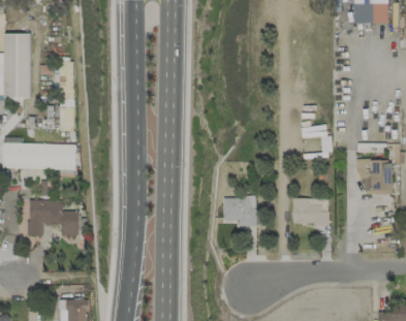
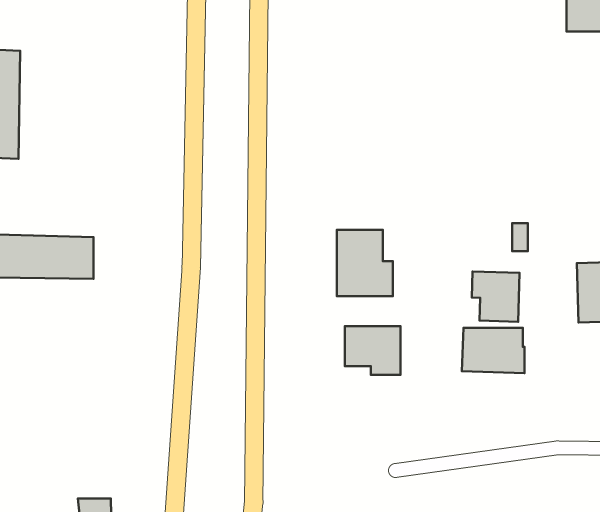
building: none -> [337,230,393,296]
building: none -> [472,272,519,322]
building: [29,200,77,235] -> none

